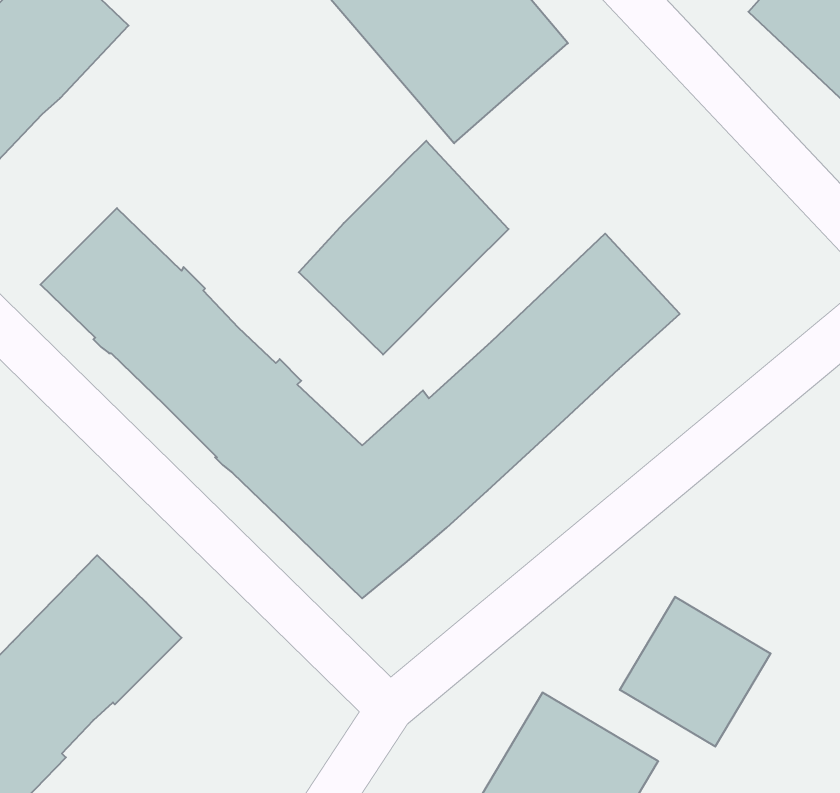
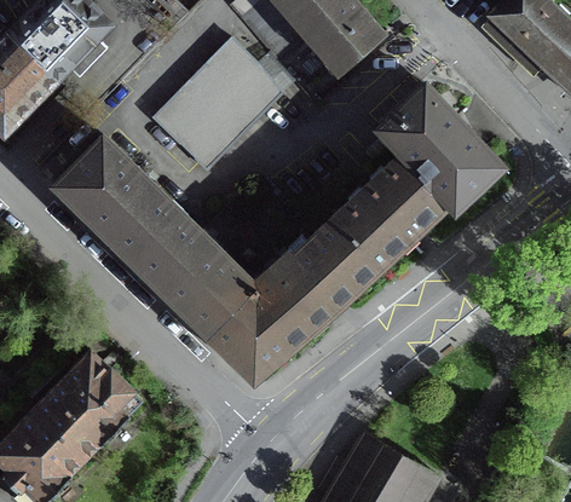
building: none -> [381,86,500,207]
building: [299,141,509,355] -> [154,39,283,171]
building: [620,597,771,747] -> none

